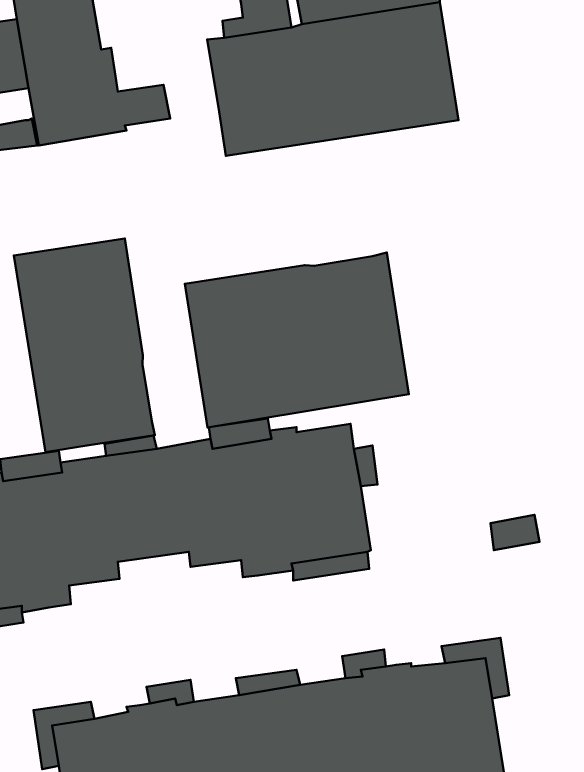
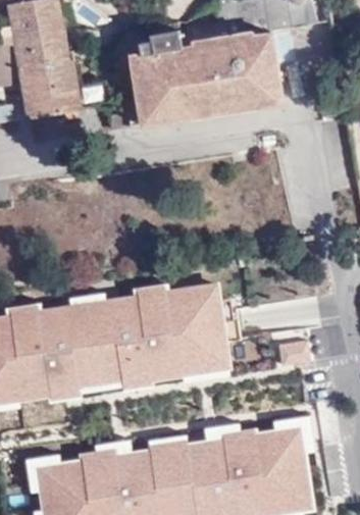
building: [14,238,155,452] -> none
building: [185,253,409,427] -> none
building: none -> [47,364,153,403]

